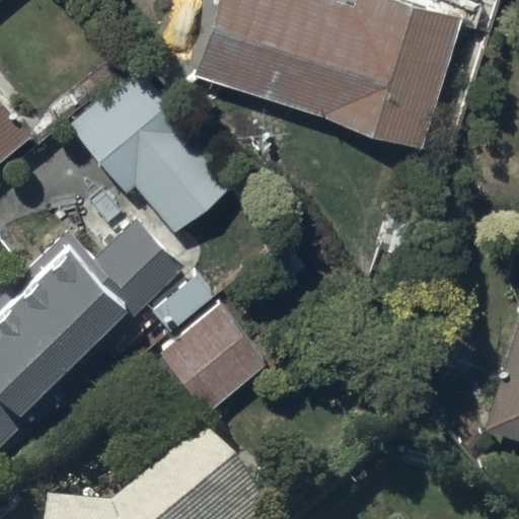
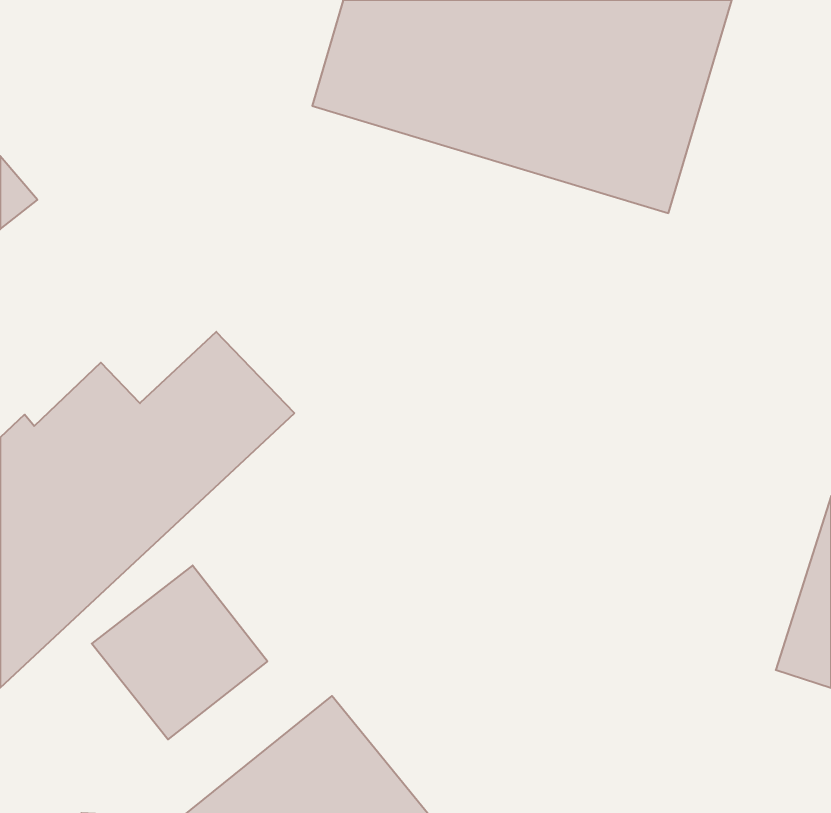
building: [65,67,231,231] -> none
building: [156,303,266,412] -> [92,565,267,739]

